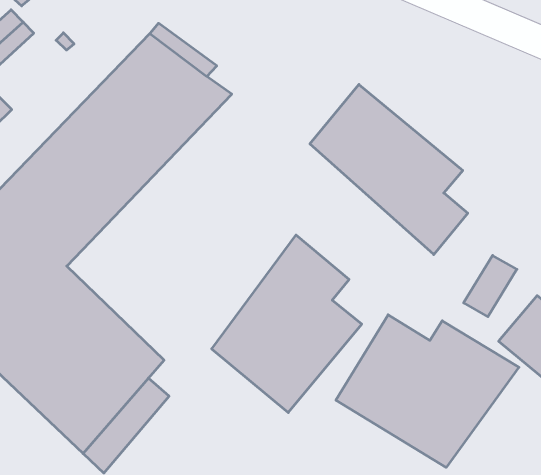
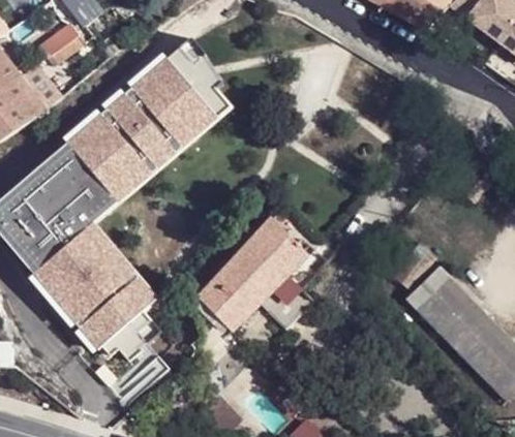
building: [310,84,468,255] -> none
building: [336,315,519,467] -> none

